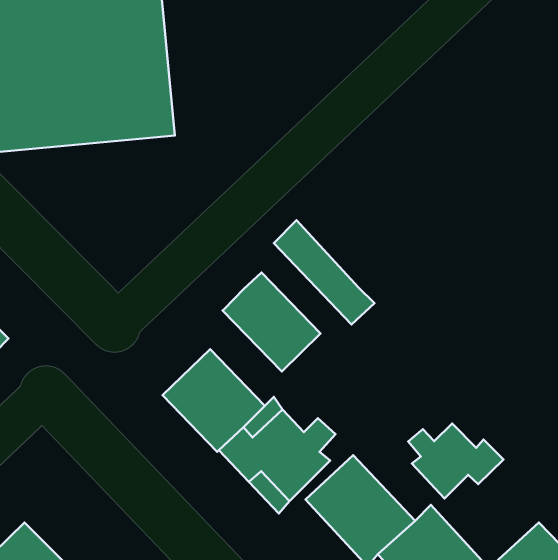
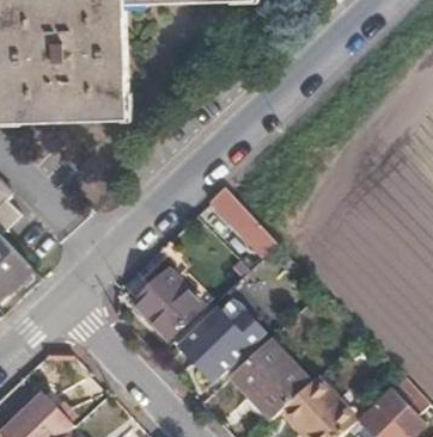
building: [223,272,321,371] -> none
building: [408,423,503,498] -> none

